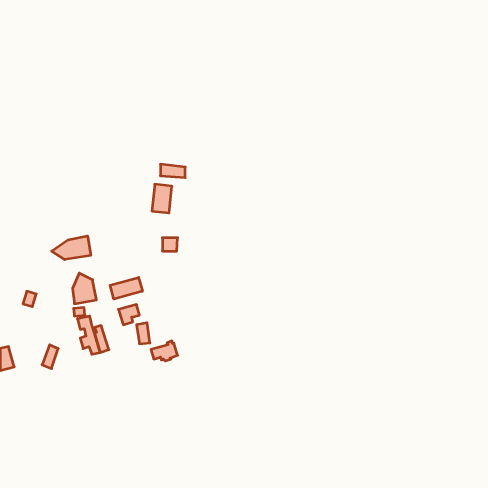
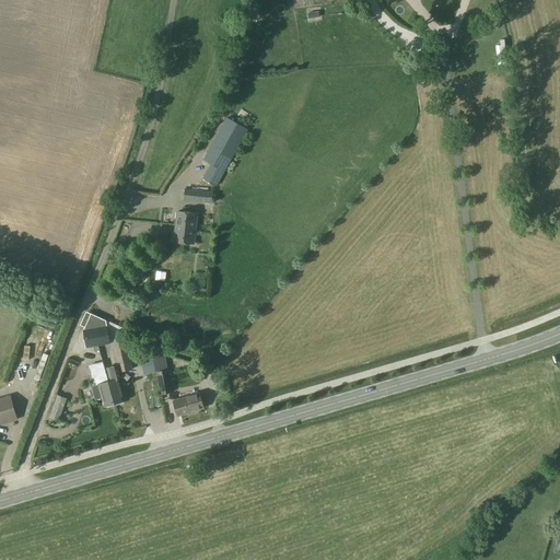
building: none -> [202,118,248,186]
building: [52,236,91,260] -> none
building: [110,277,142,299] -> none

